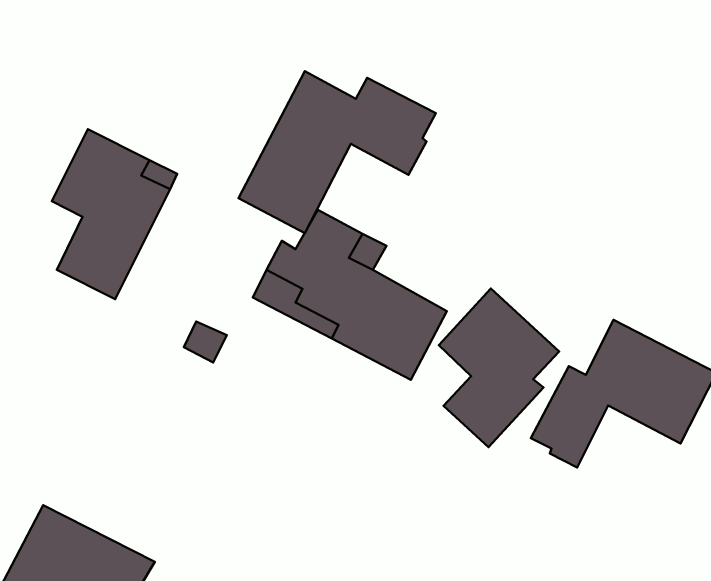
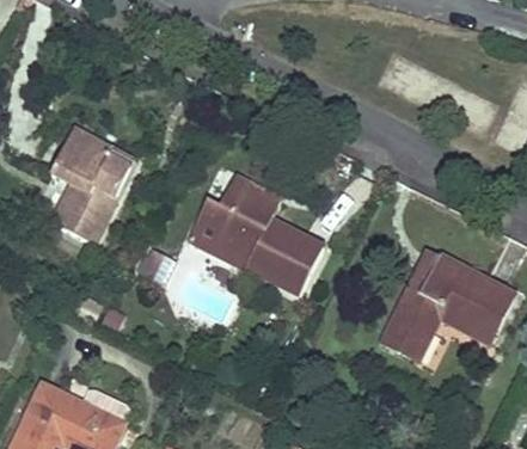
building: [238,71,436,233] -> none
building: [439,289,559,447] -> none

